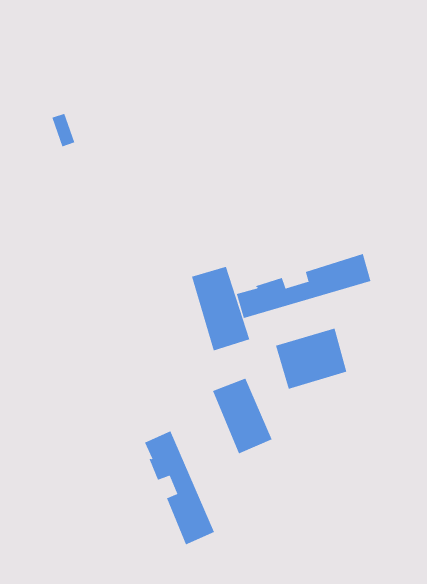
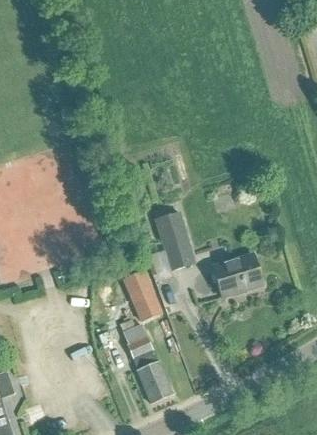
building: [236,253,371,319] -> none
building: [212,378,272,454] -> [122,272,163,324]

